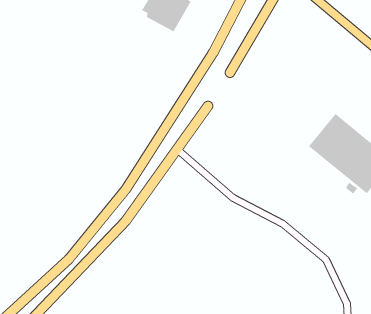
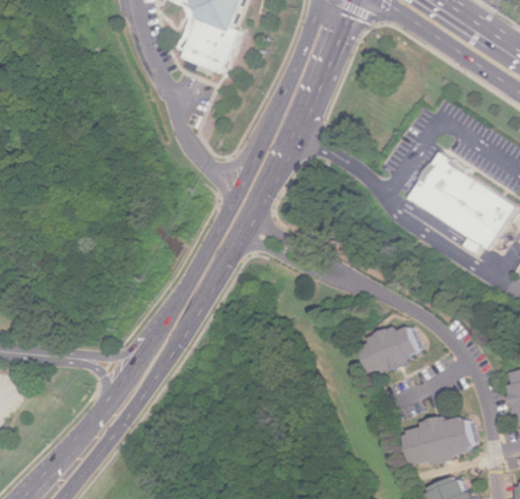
building: none -> [359,322,418,375]

